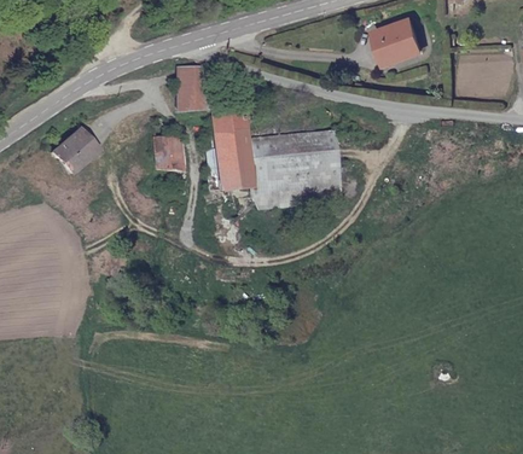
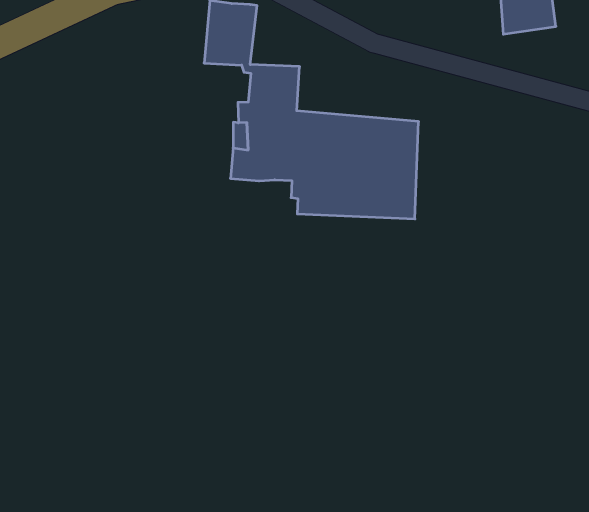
building: [152,117,184,170] -> none
building: [51,133,97,179] -> none

